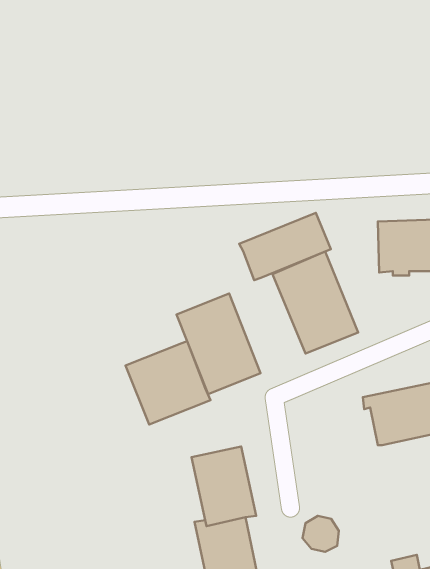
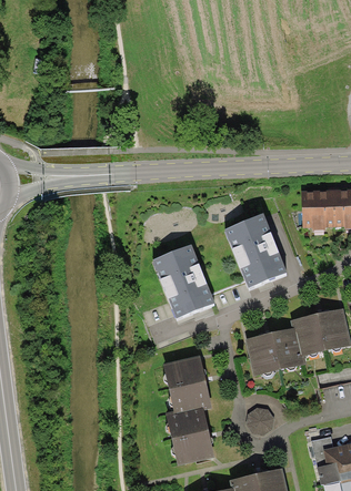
building: [239,213,331,280] -> none
building: [126,341,211,424] -> none
building: none -> [244,327,305,375]

